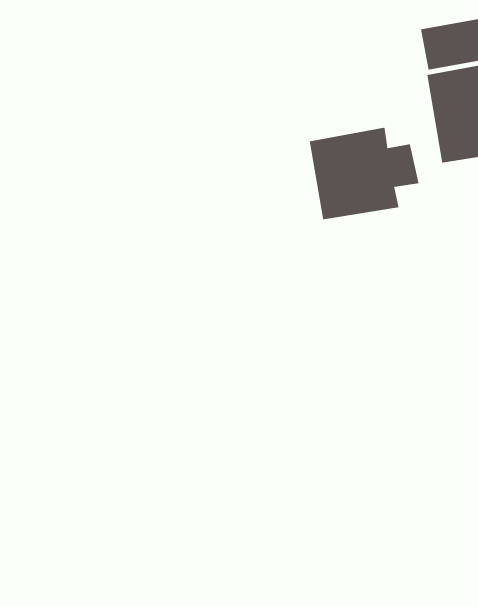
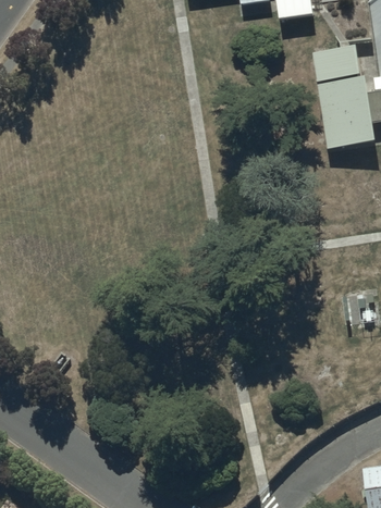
building: [309,127,419,220] -> none

